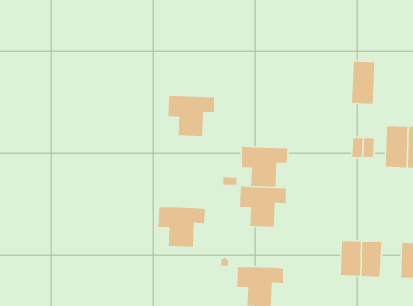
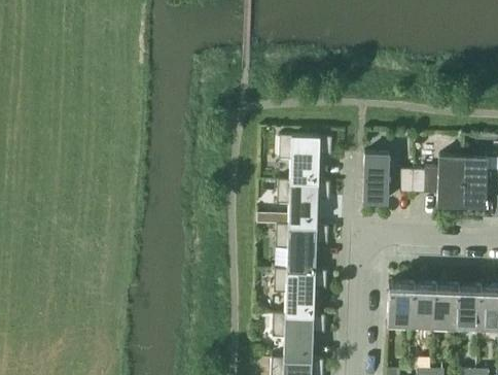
building: [351,61,375,104] -> [363,152,390,201]
building: [168,95,215,137] -> [279,134,331,180]
building: [158,207,206,247] -> [274,268,327,313]
building: none -> [432,284,456,326]

